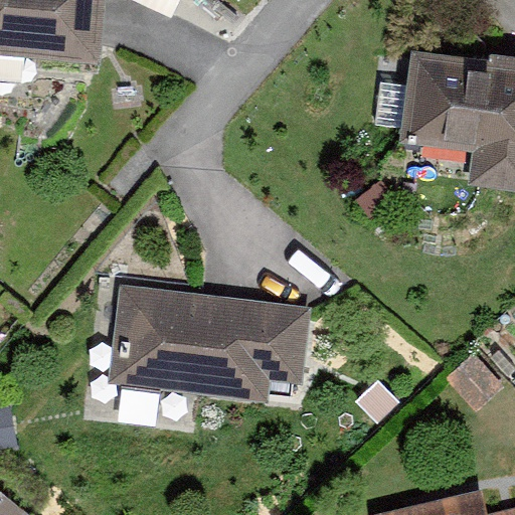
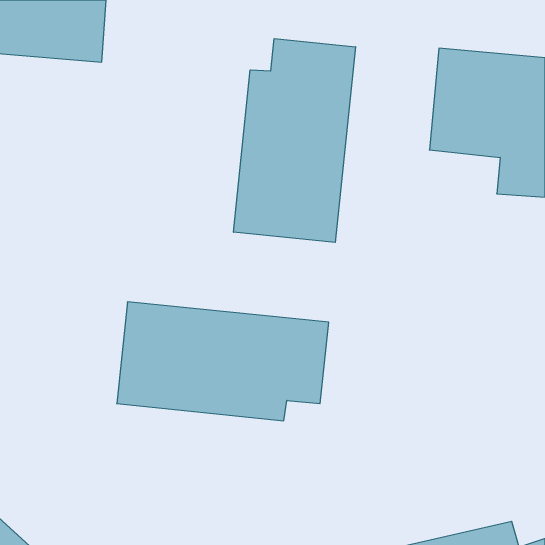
building: none -> [234,39,356,242]

